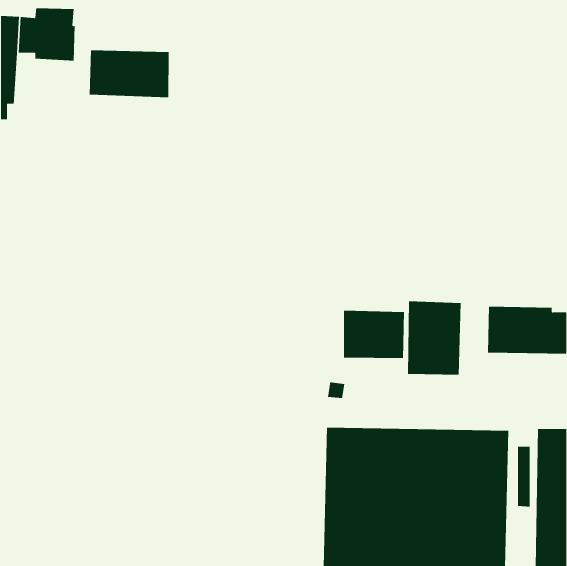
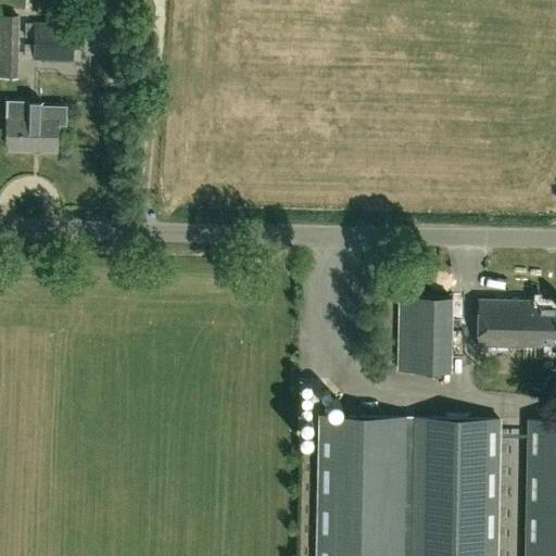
building: [89,49,169,98] -> none
building: none -> [7,103,59,152]
building: [343,310,405,359] -> none

